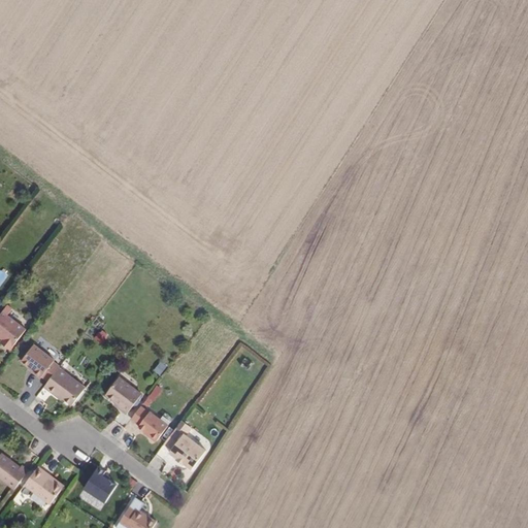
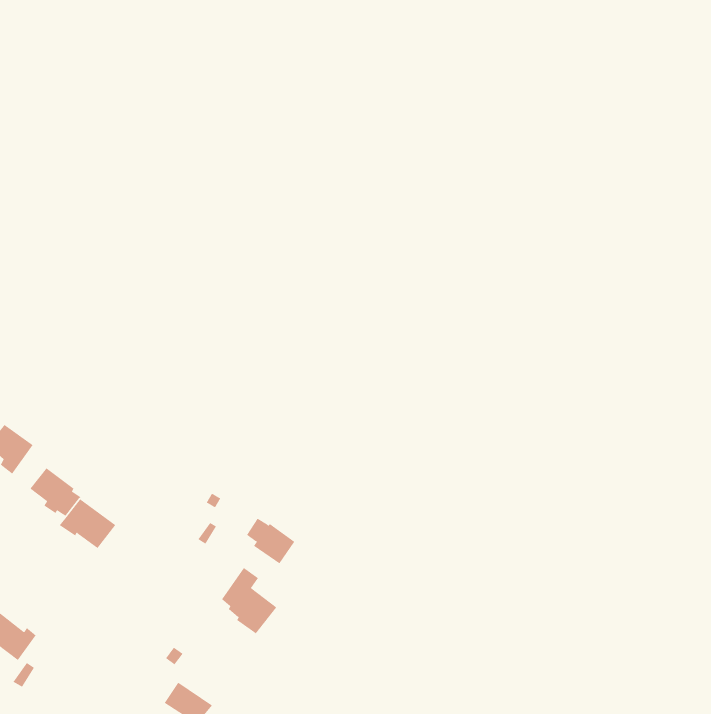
building: [105,375,140,412] -> none
building: [131,405,167,439] -> [246,518,295,564]
building: [23,465,61,504] -> none
building: [81,468,116,504] -> none

